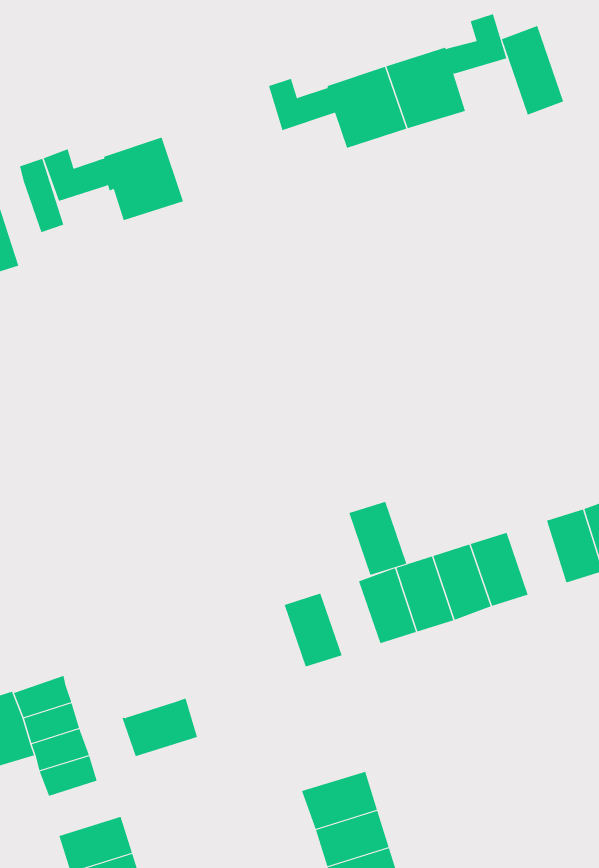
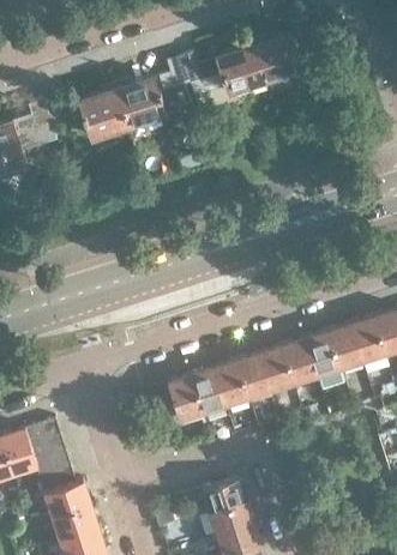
building: [501,25,564,115] -> none
building: none -> [115,59,188,129]
building: [348,501,407,575] -> [212,362,248,408]
building: none -> [326,325,362,370]
building: none -> [167,376,203,423]
building: [121,698,198,757] -> [43,482,90,518]

